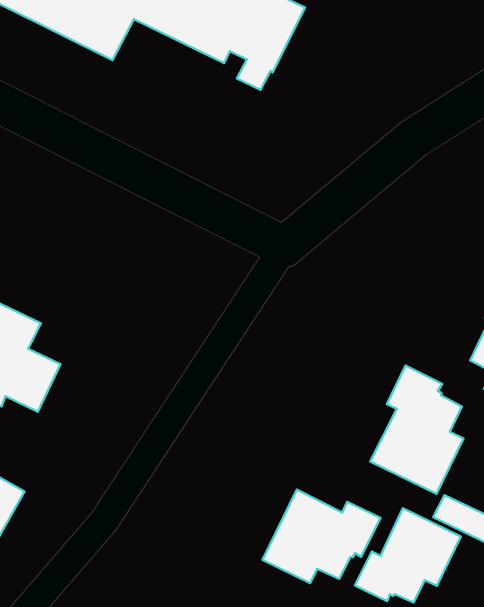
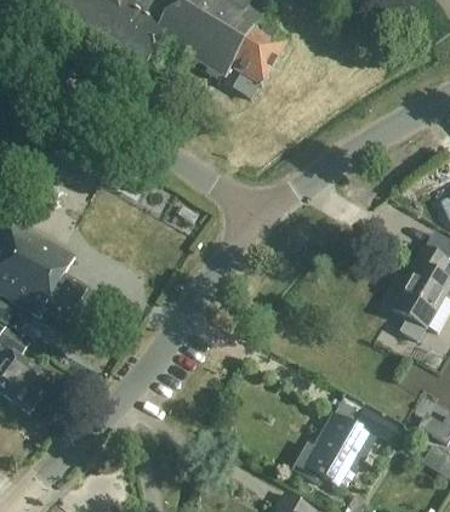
building: [370,366,463,494] -> none
building: [262,489,381,583] -> none

